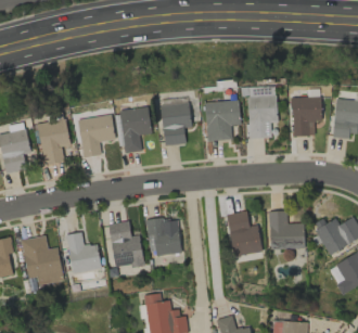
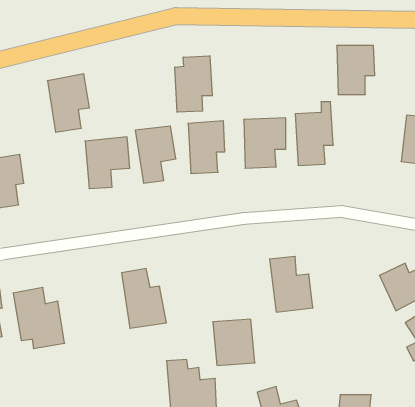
building: none -> [175,56,212,112]
building: [292,97,322,136] -> [337,46,375,95]
building: [37,118,71,165] -> [47,74,89,132]
building: [269,210,305,248] -> none
building: [148,218,181,255] -> [213,319,255,365]
building: [66,232,101,273] -> none

